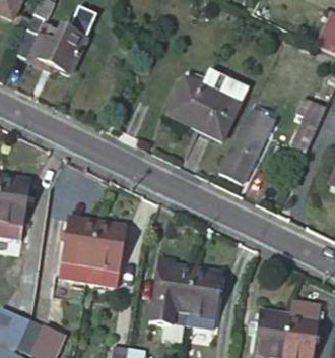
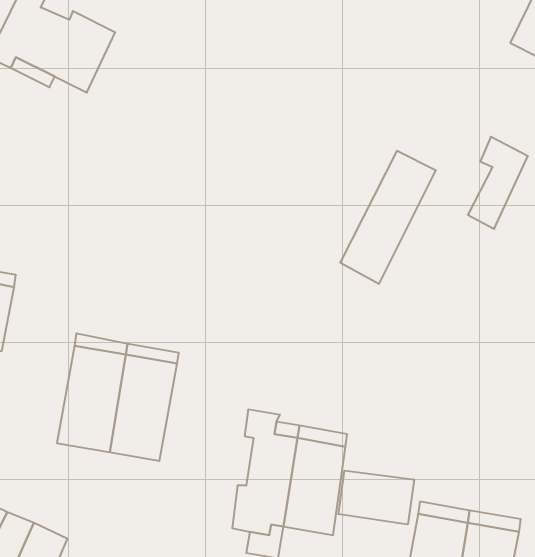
building: [168,70,248,141] -> none
building: none -> [339,471,414,524]

